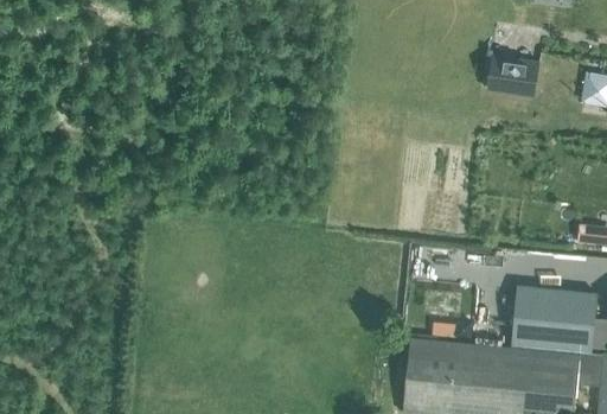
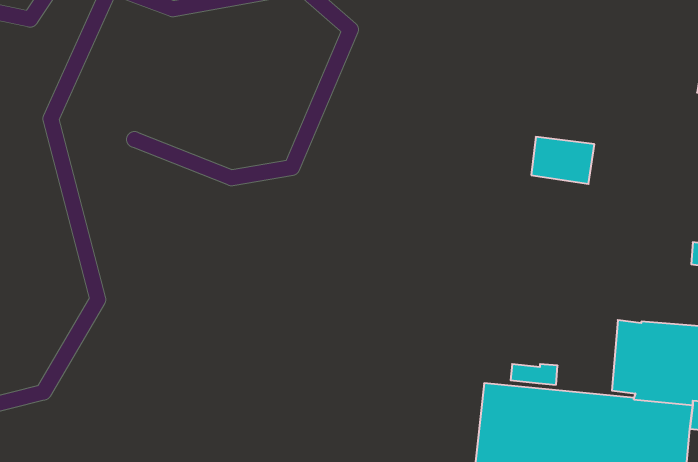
building: [487,59,538,97] -> [531,137,594,184]

